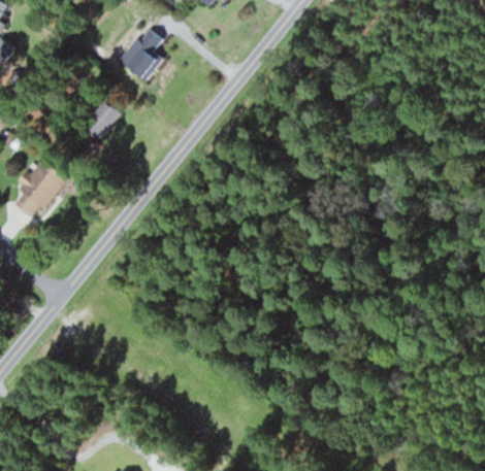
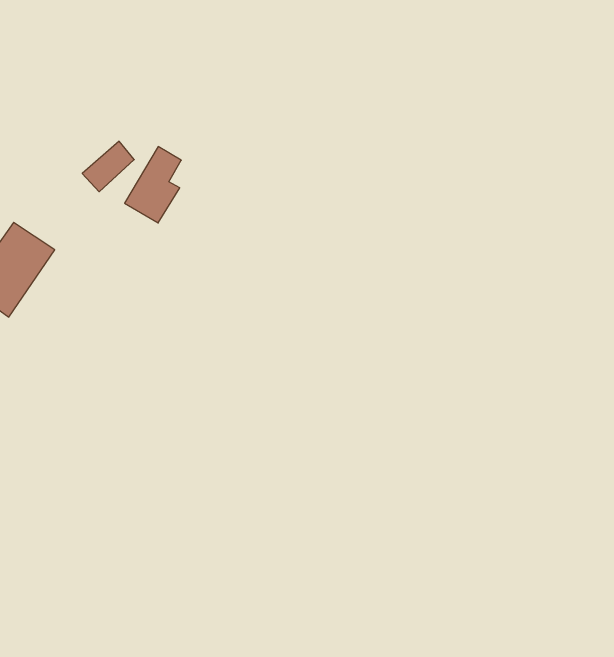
building: [123,30,161,81] -> [125,147,181,223]

